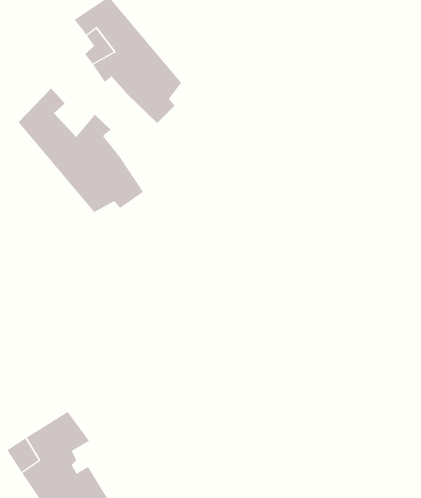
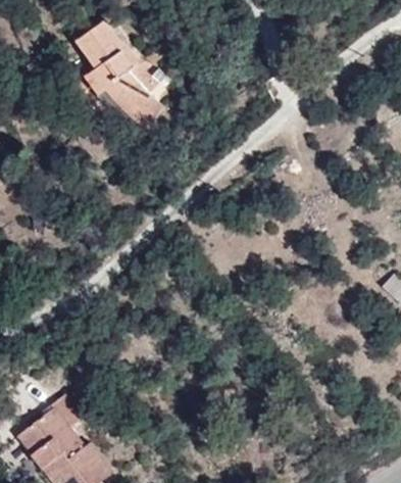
building: [18,88,144,213] -> none

